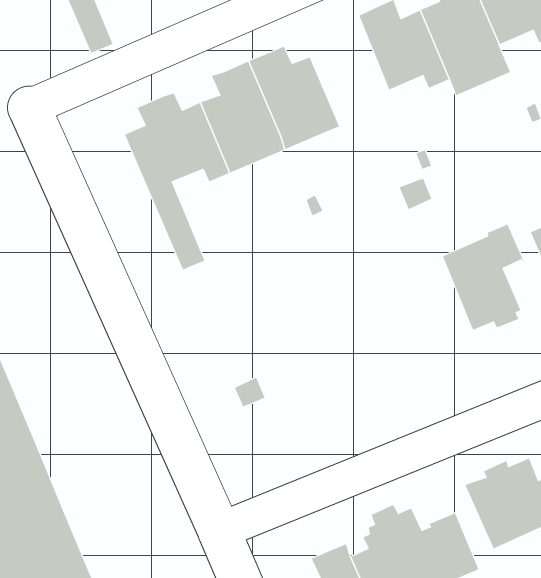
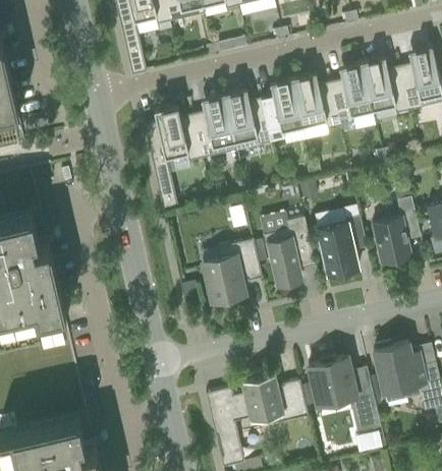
building: none -> [261,80,303,143]
building: none -> [264,218,316,288]
building: none -> [201,240,263,302]

